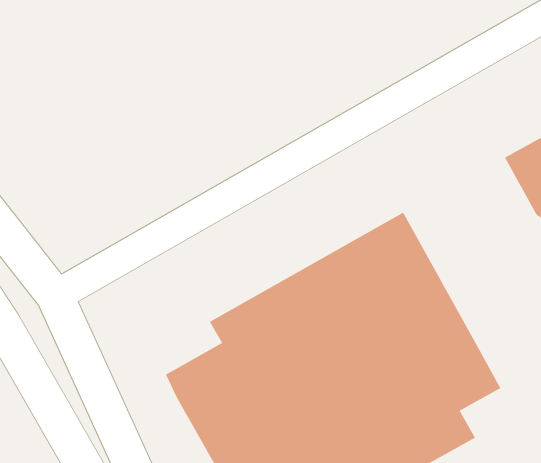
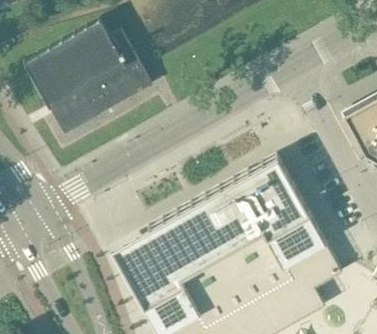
building: none -> [23,18,152,133]

